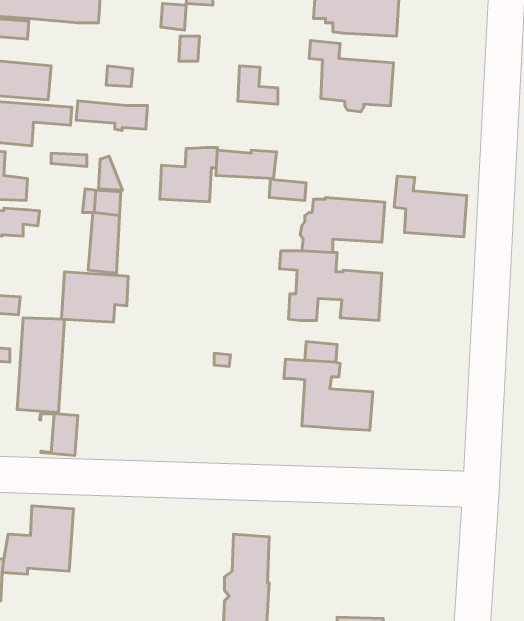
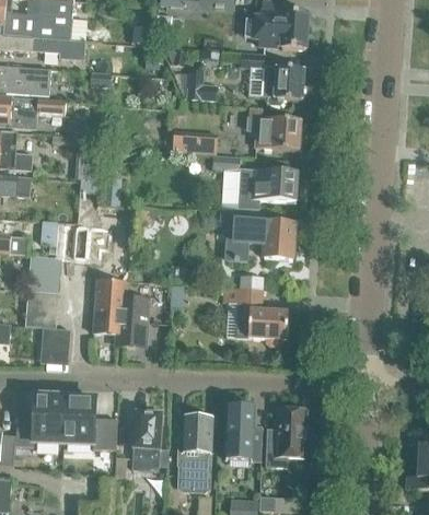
building: [76,101,147,131] -> [33,35,85,57]
building: [160,147,217,202] -> none
building: [394,176,467,237] -> [246,105,300,150]
building: none -> [93,279,148,344]
building: none -> [63,397,118,452]
building: none -> [225,406,262,459]
building: none -> [265,408,311,467]
building: none -> [132,411,161,469]

